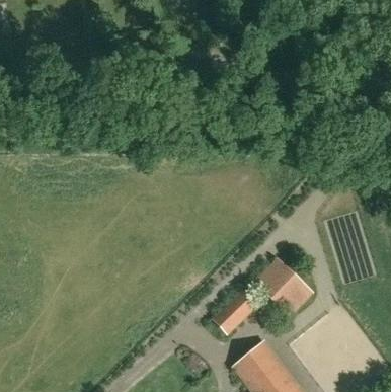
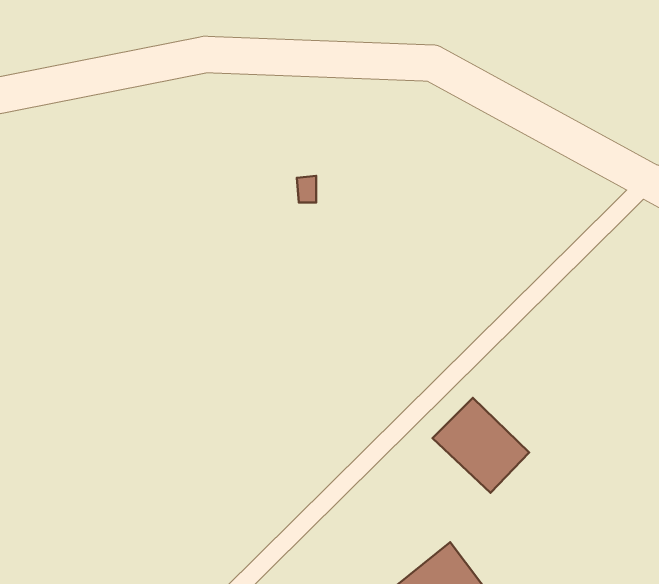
building: [212,290,255,332] -> none

